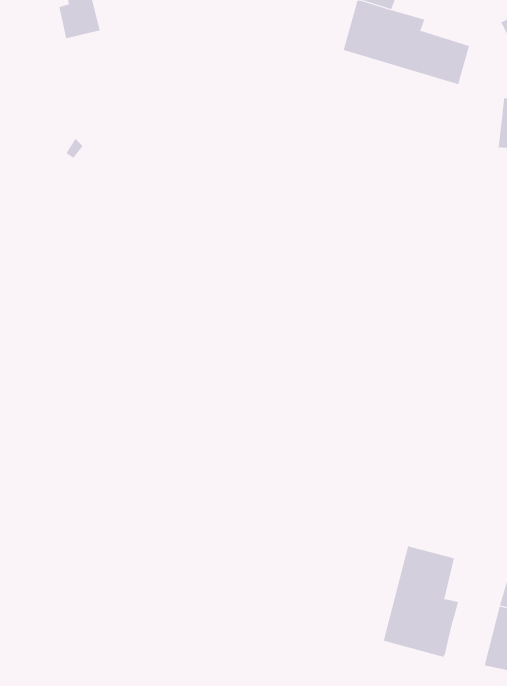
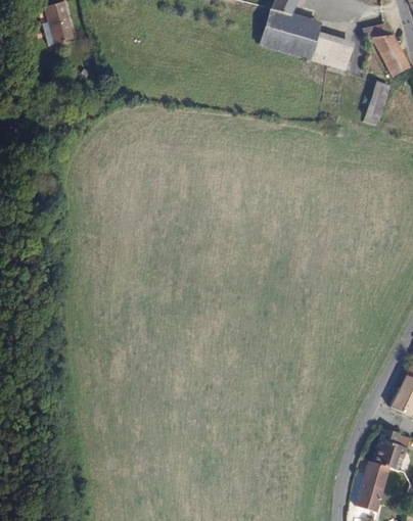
building: [383,545,459,658] -> none

